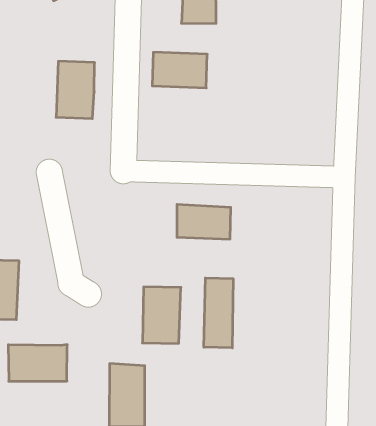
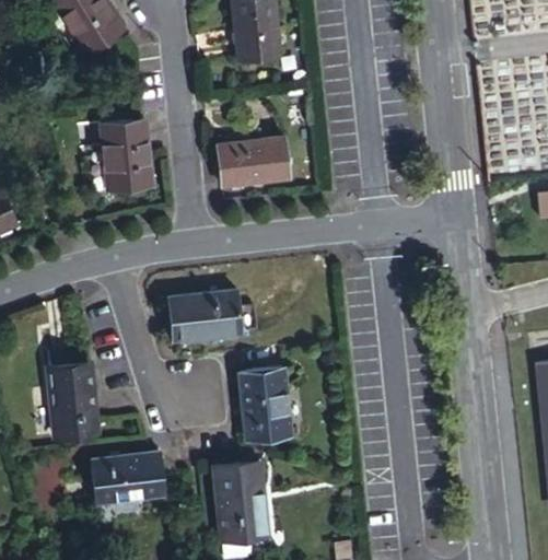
building: [152,52,207,88] -> [221,139,289,185]
building: [177,204,231,239] -> [167,293,235,337]
building: [204,278,233,348] -> none

